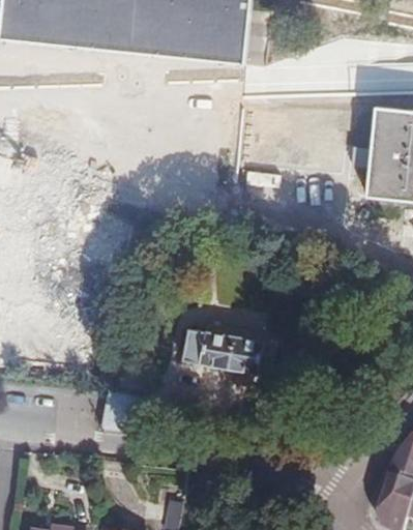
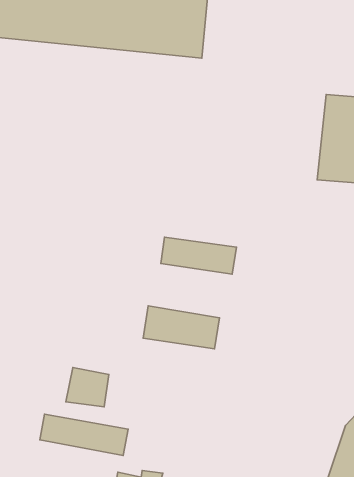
building: none -> [161,237,236,274]
building: none -> [40,414,128,456]

